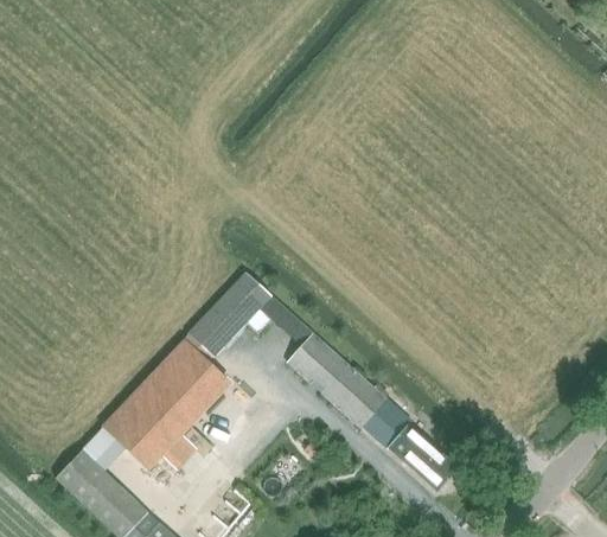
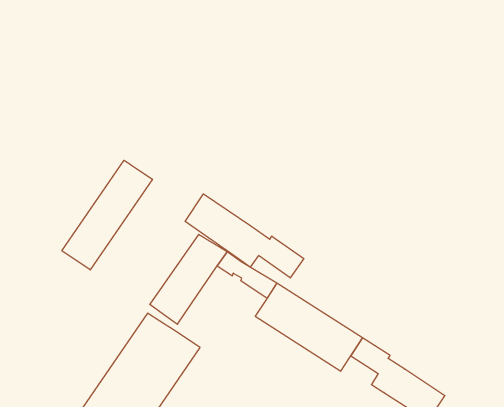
building: none -> [62,160,152,270]
building: none -> [185,194,304,278]

